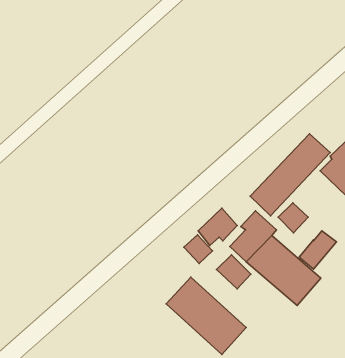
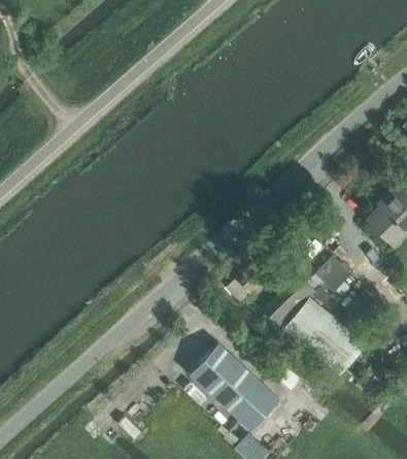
building: [250,134,330,216] -> none
building: [184,235,212,263] -> none
building: [216,255,251,289] -> none

